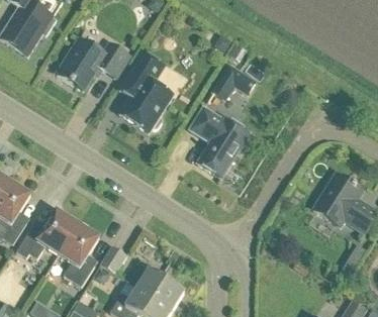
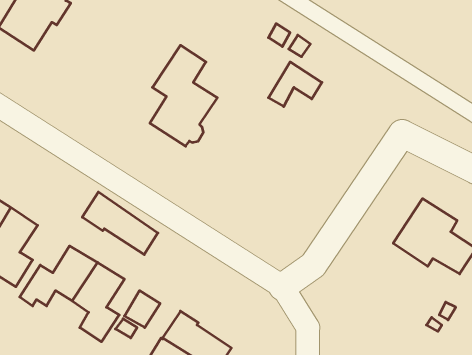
building: [58,37,130,90] -> none
building: [190,106,250,178] -> none
building: none -> [82,192,158,255]

